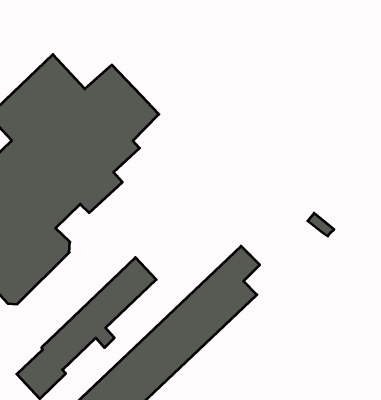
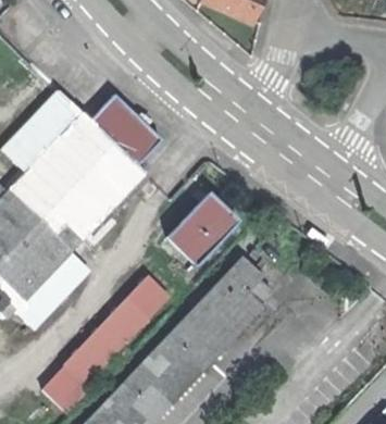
building: none -> [167,194,238,266]

